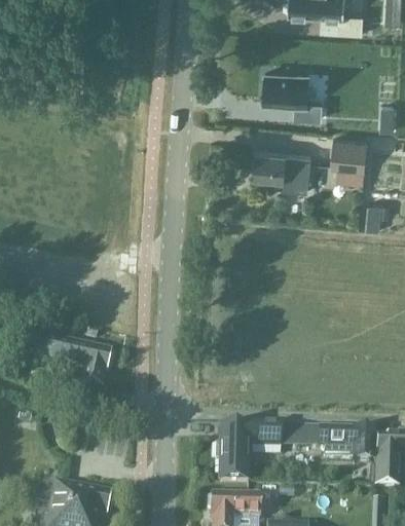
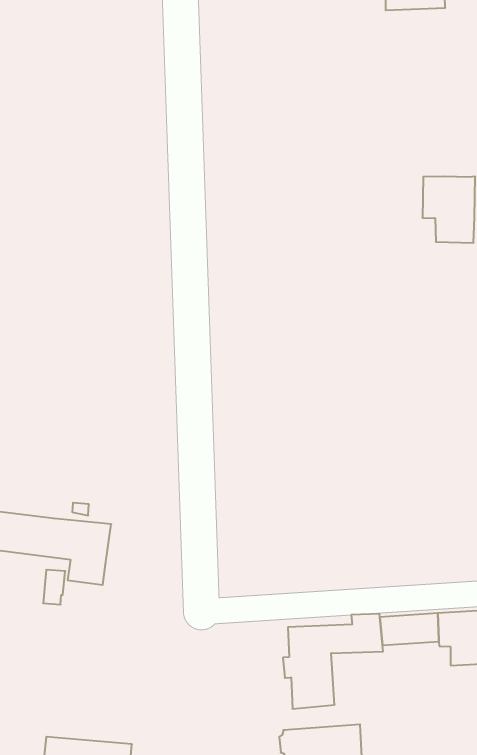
building: [263,74,321,119] -> none
building: [252,152,309,192] -> none

